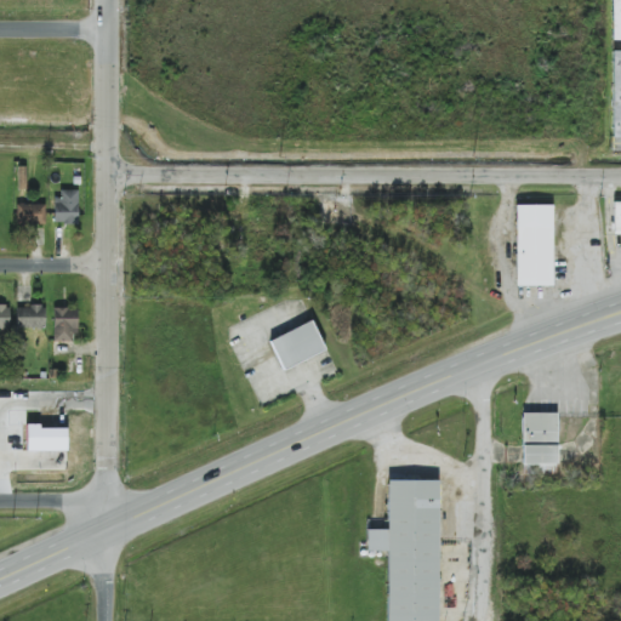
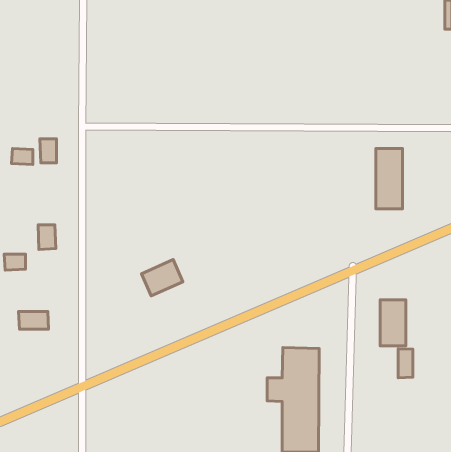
building: [17,307,46,329] -> [4,254,26,270]
building: [269,319,326,369] -> [141,260,183,296]
building: none -> [398,349,413,378]

